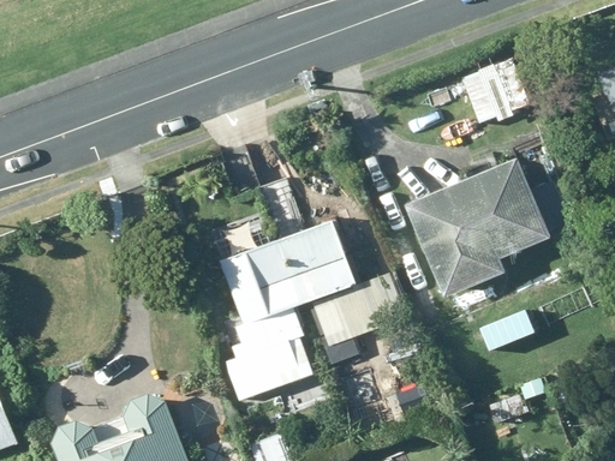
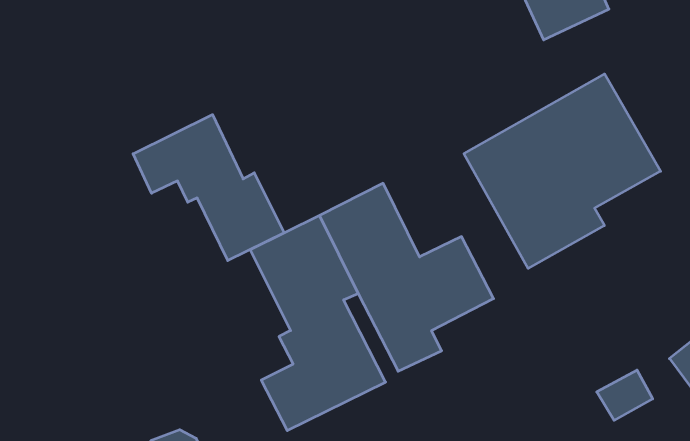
building: none -> [133,115,284,261]

